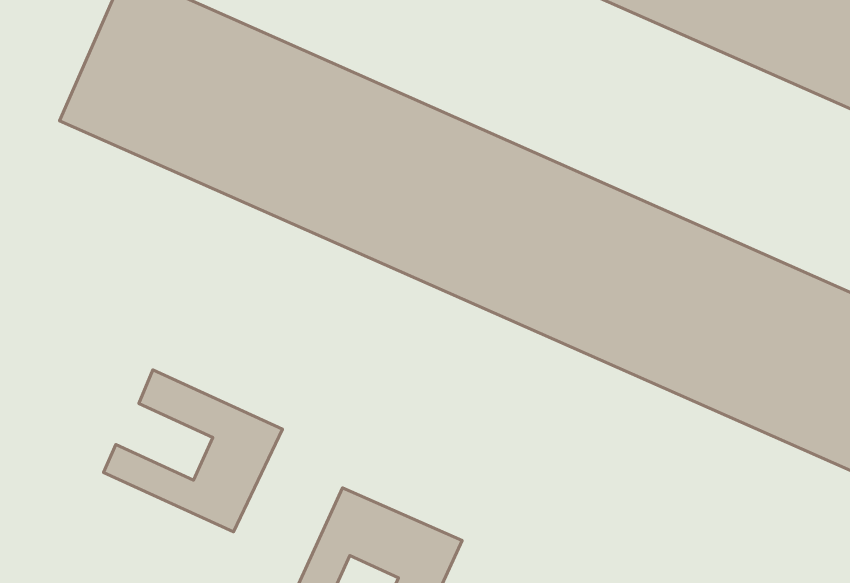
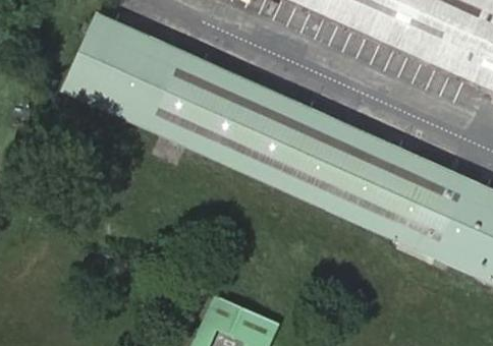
building: [103,370,283,532] -> none

